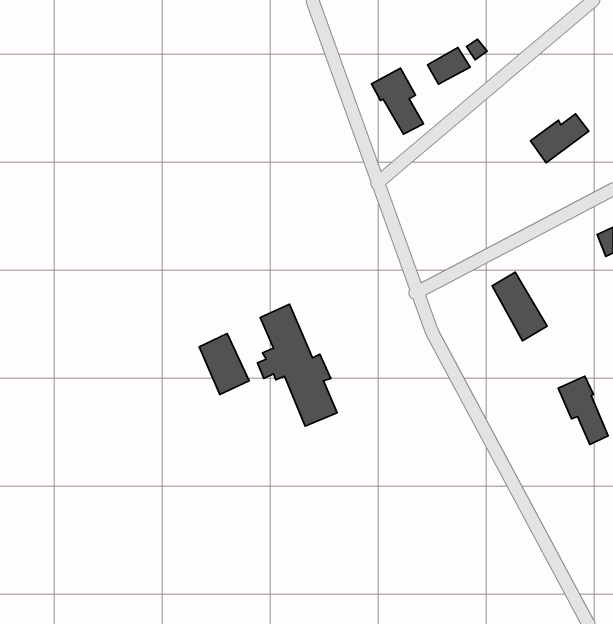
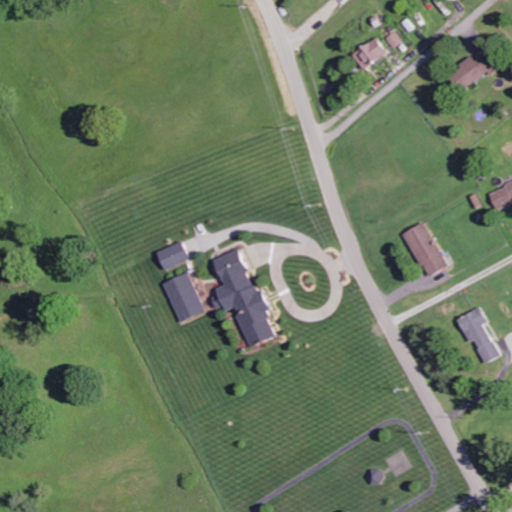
building: [372,68,423,134] -> none
building: [530,114,589,163] -> [446,52,494,92]
building: none -> [156,241,189,270]

